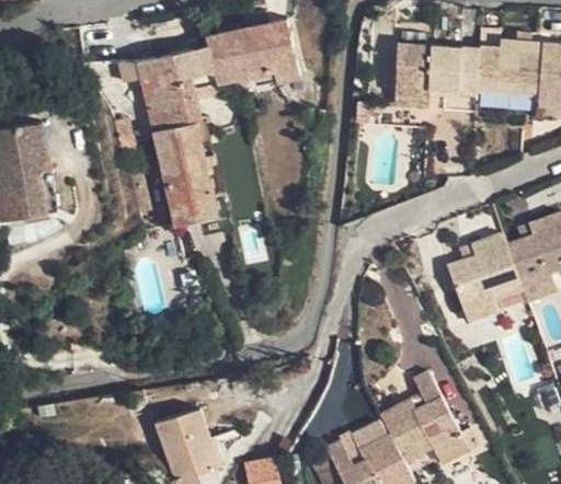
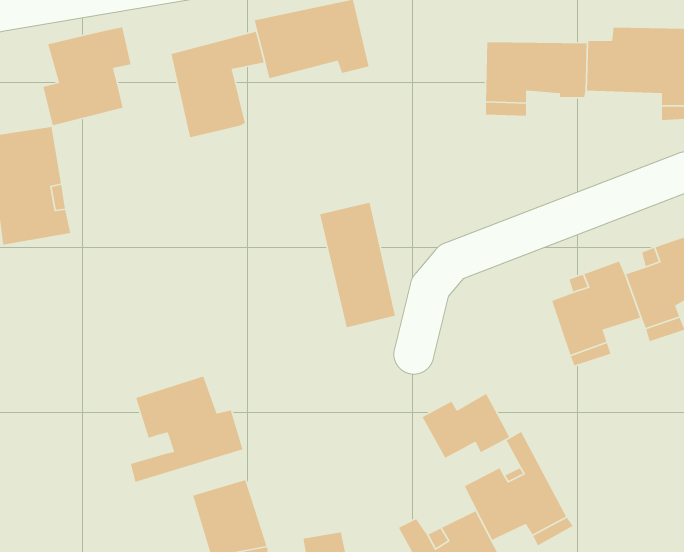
building: none -> [43,26,132,126]
building: [154,123,217,226] -> [319,202,396,328]
building: none -> [130,376,243,483]
building: none -> [422,393,510,459]

